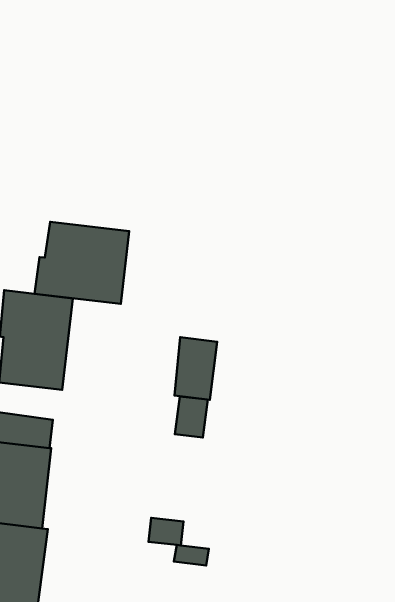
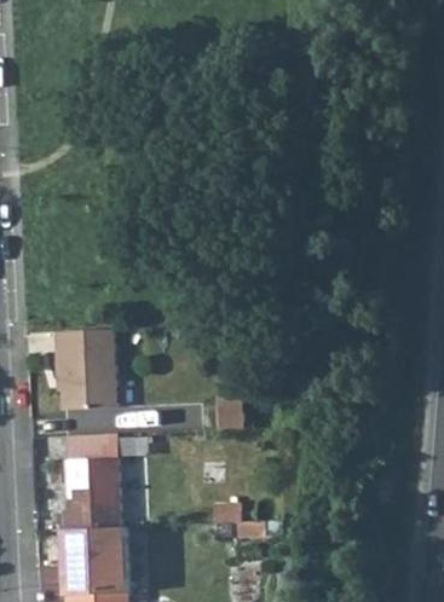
building: [34,222,129,304] -> none
building: [175,337,217,400] -> none

